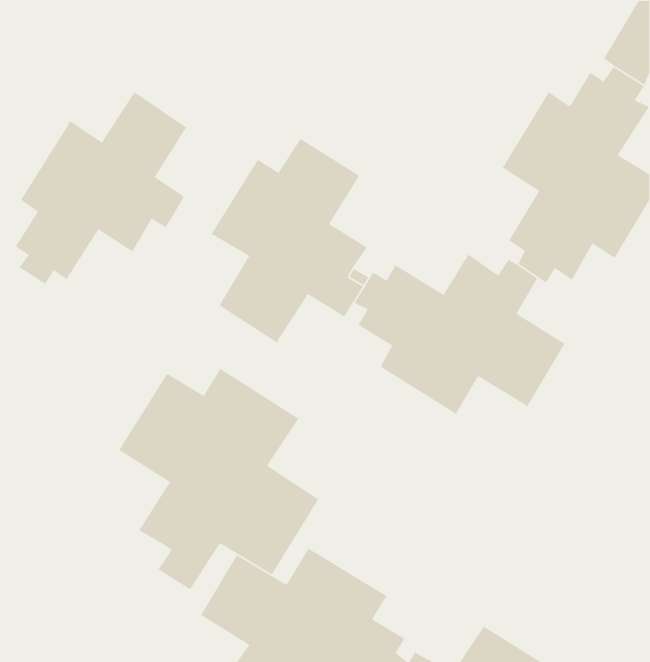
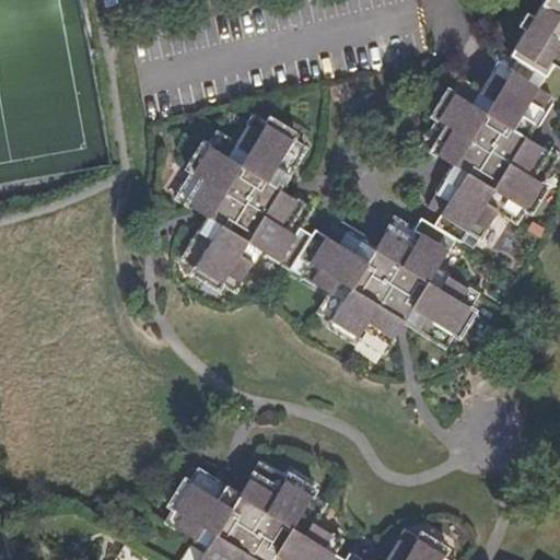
building: [15,91,187,284] -> none
building: [118,368,319,590] -> none

